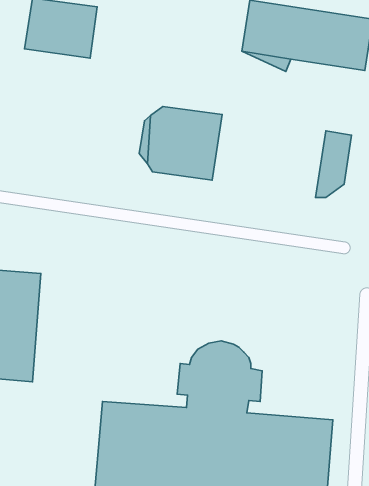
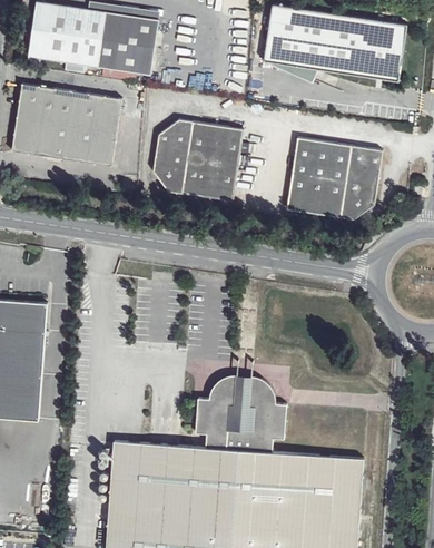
building: none -> [99,11,160,75]
building: none -> [12,84,122,166]
building: none -> [288,137,355,218]

